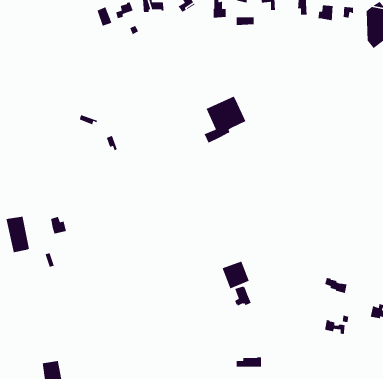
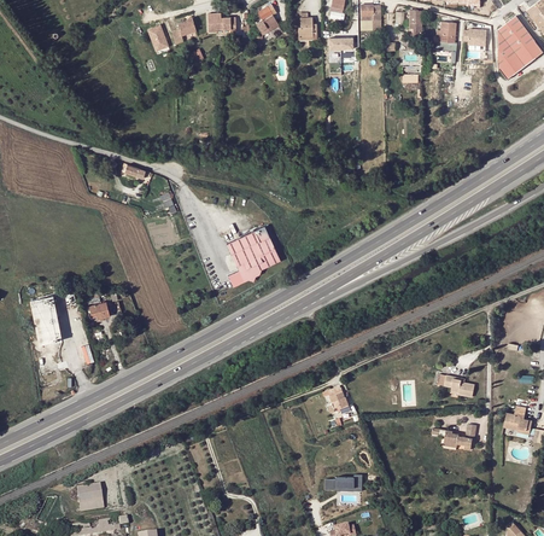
building: [204,96,246,144] -> [224,226,280,289]
building: [221,261,250,289] -> none

